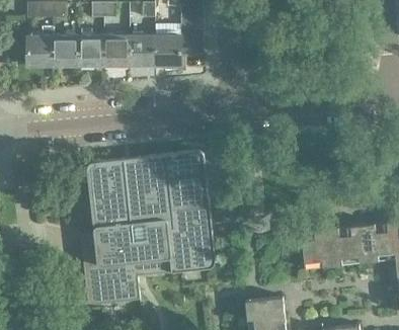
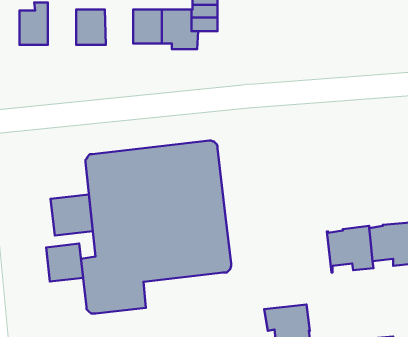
building: [51,34,76,66] -> none
building: [101,34,127,66] -> none
building: none -> [51,194,93,236]
building: none -> [46,244,83,281]

